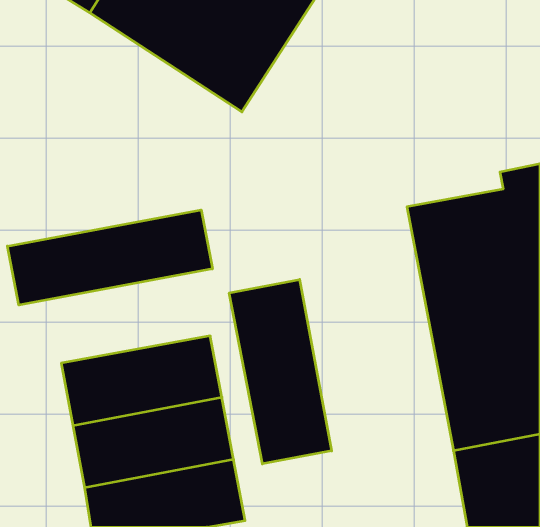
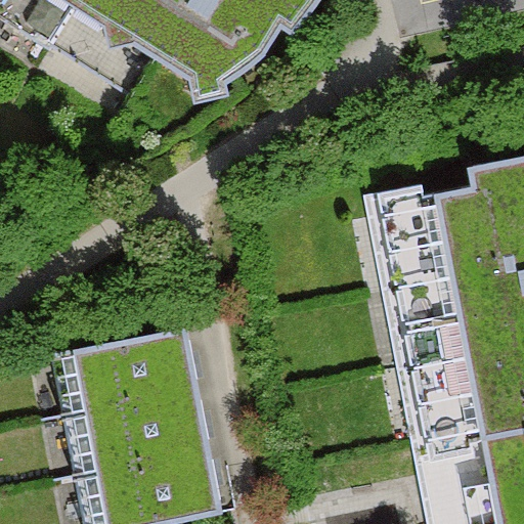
building: [7,210,212,305] -> none
building: [229,279,332,464] -> none

